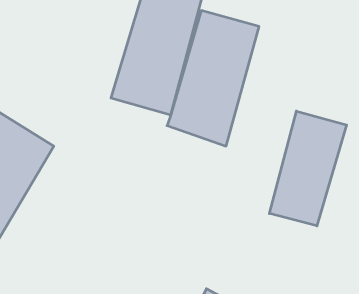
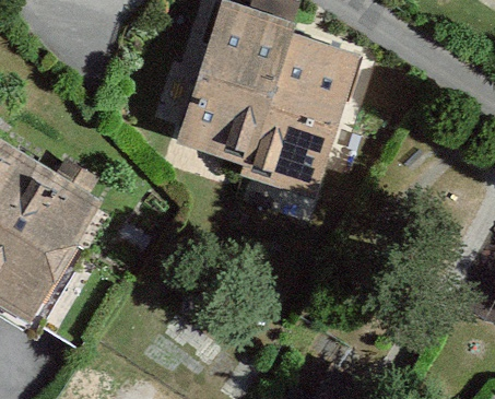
building: [269,111,347,226] -> none

